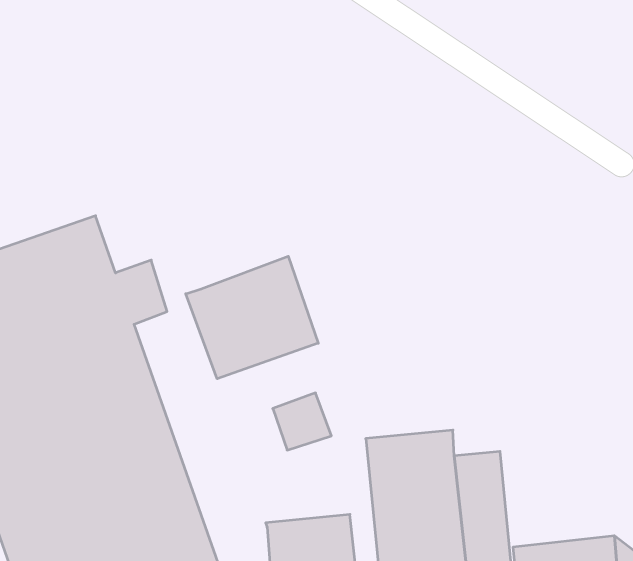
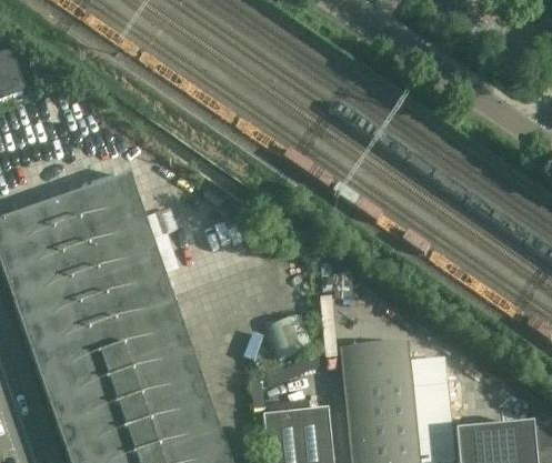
building: [186,256,318,379] -> none

